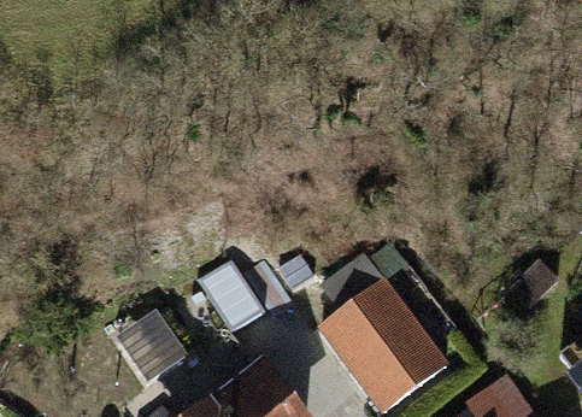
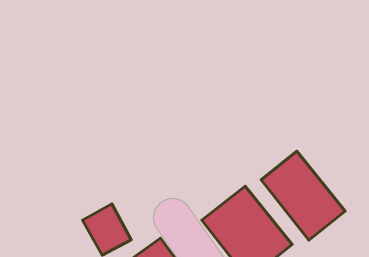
building: none -> [261,151,345,240]

